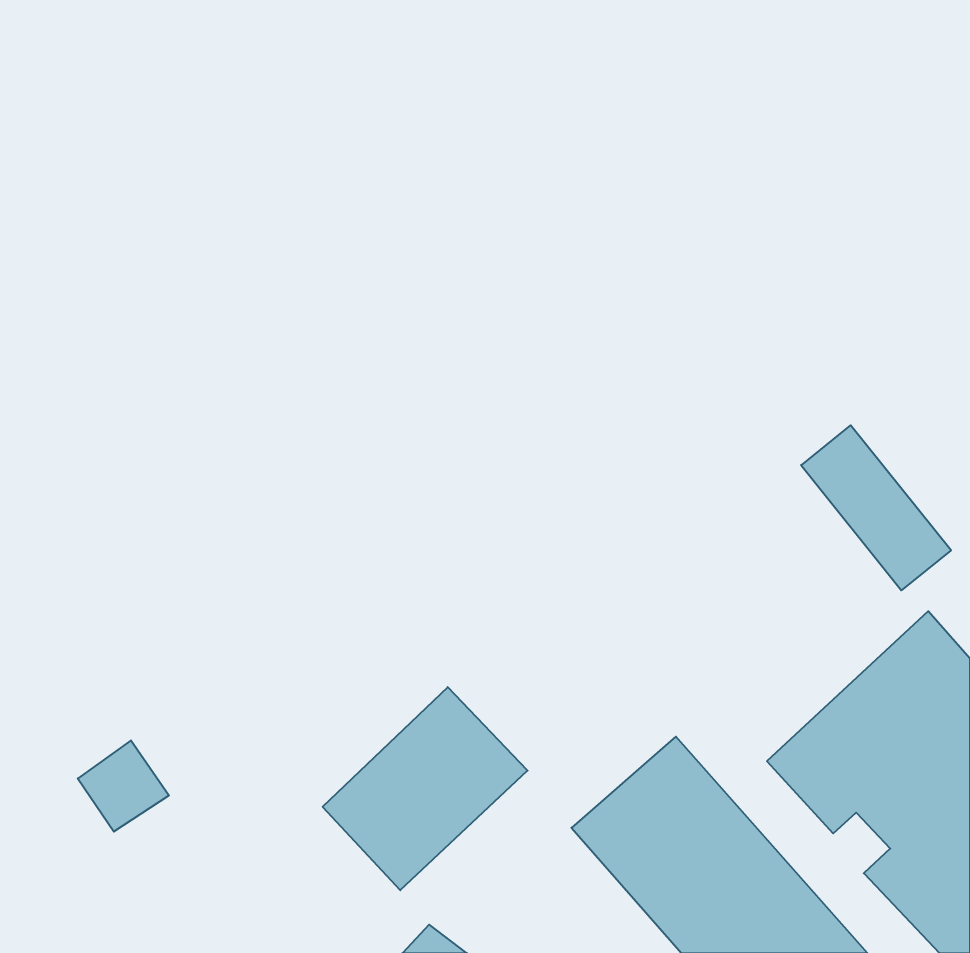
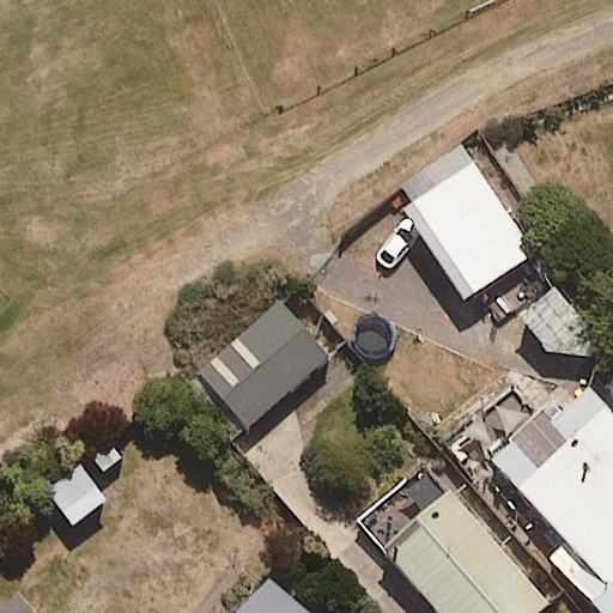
building: none -> [396,147,534,298]
building: [323,687,528,890] -> [199,302,328,430]

